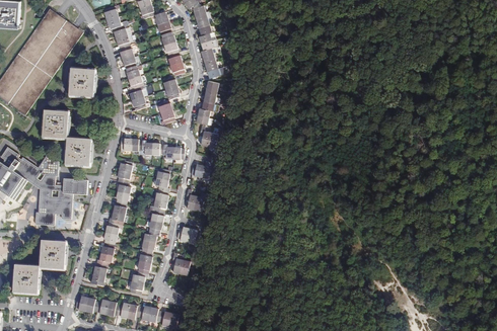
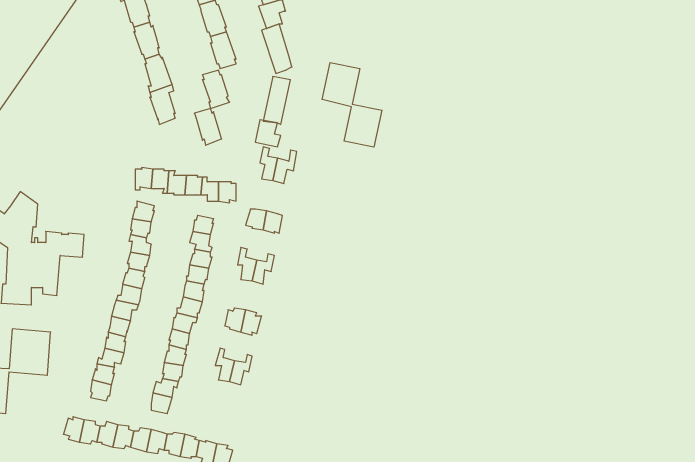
building: [69,68,95,97] -> none
building: none -> [322,63,382,147]
building: [42,109,91,166] -> none

